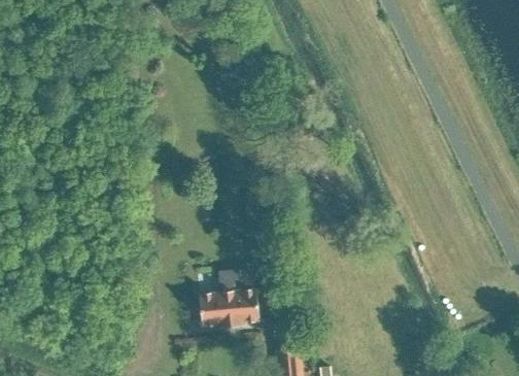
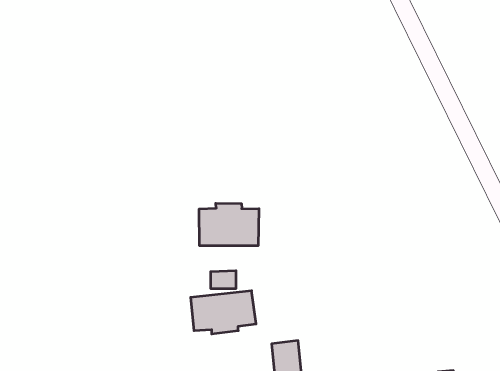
building: none -> [199,203,259,246]

